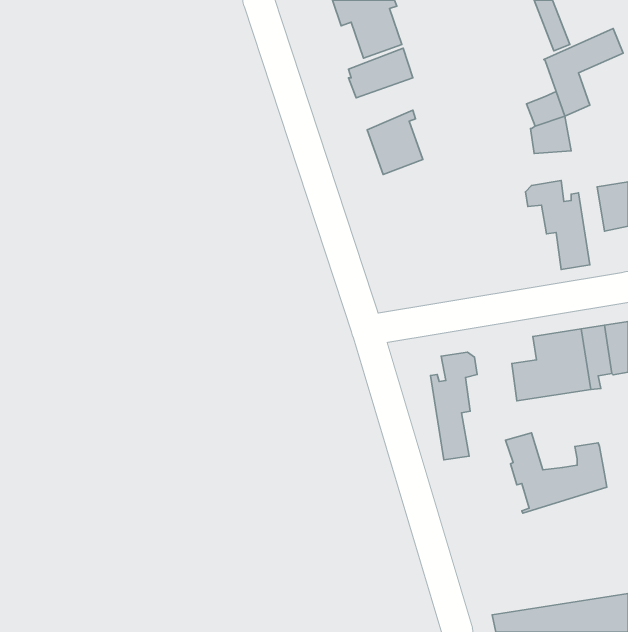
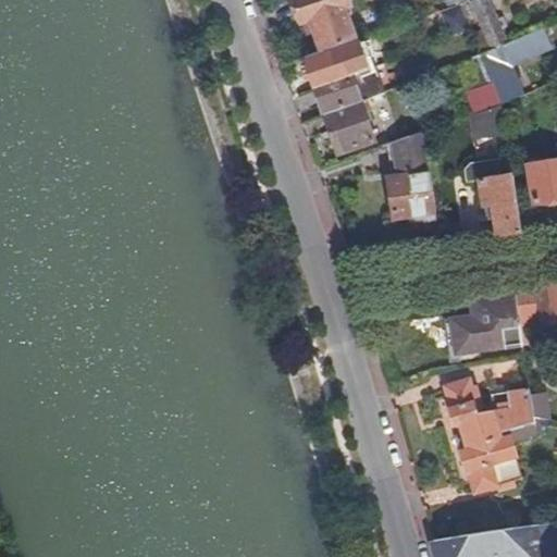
building: none -> [313,65,380,114]
building: none -> [385,129,433,218]
building: [431,352,477,460] -> none
building: none -> [460,429,534,493]

